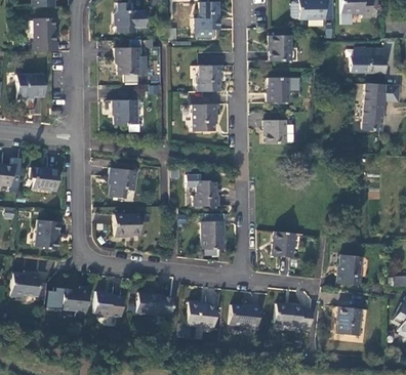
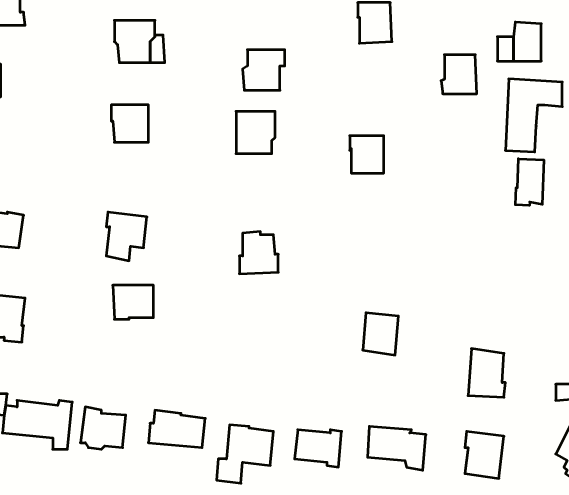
building: [267,78,289,102] -> [441,55,477,94]
building: none -> [515,159,544,205]
building: [202,221,226,249] -> none

